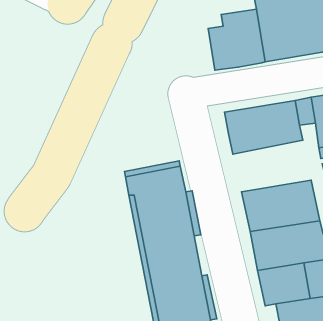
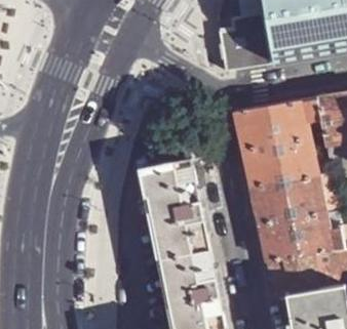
building: none -> [243,137,318,187]

